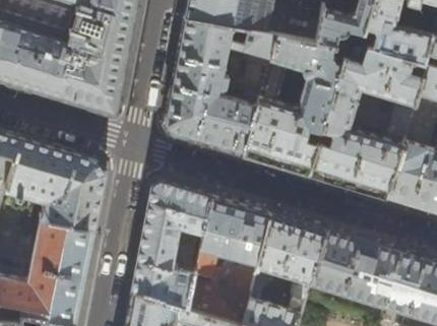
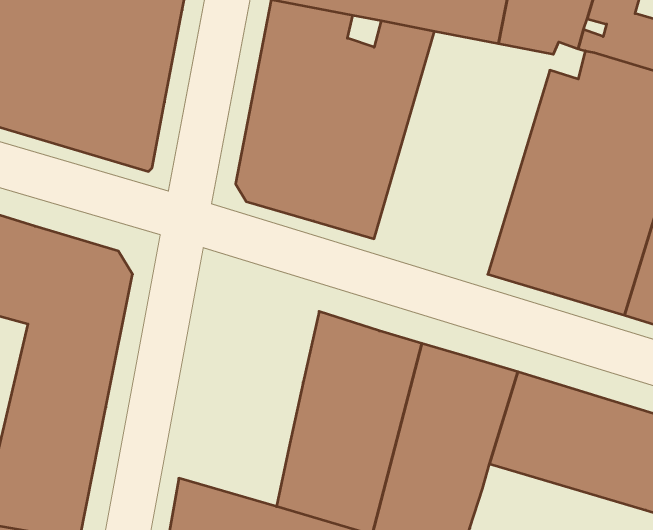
building: [243,36,346,175] -> none
building: [131,181,211,308] -> none

